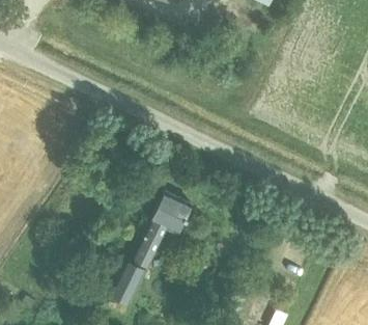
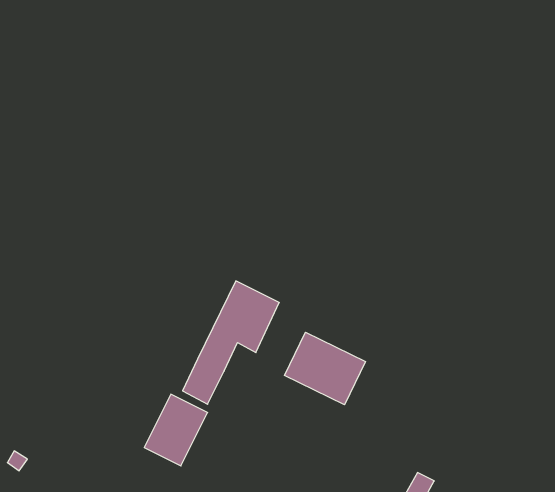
building: none -> [285,332,366,405]

